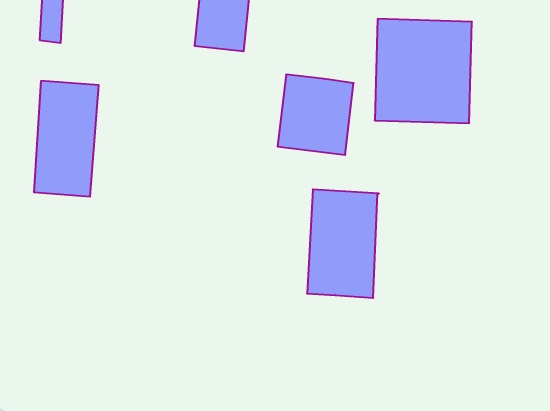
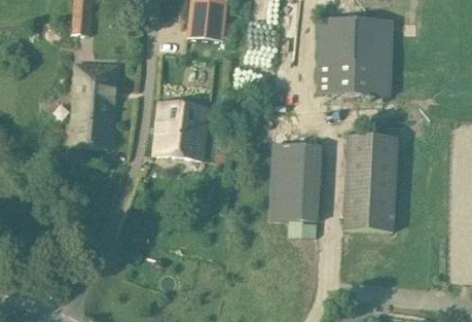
building: [278,75,354,155] -> [151,100,207,158]
building: none -> [347,132,404,230]

